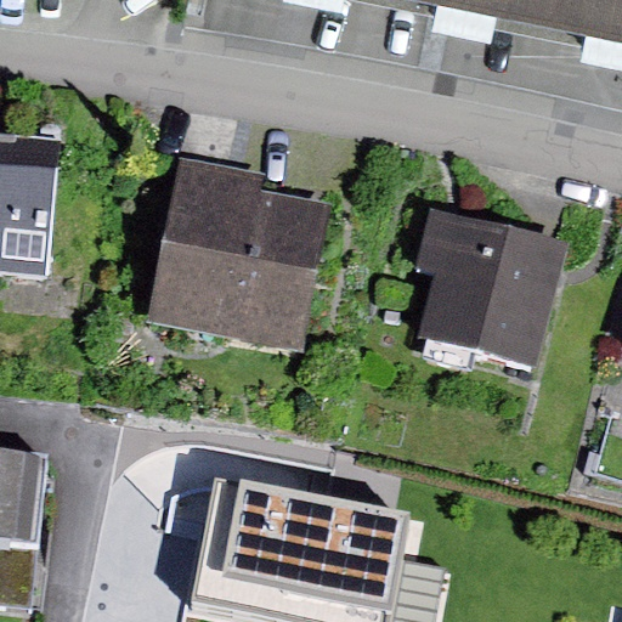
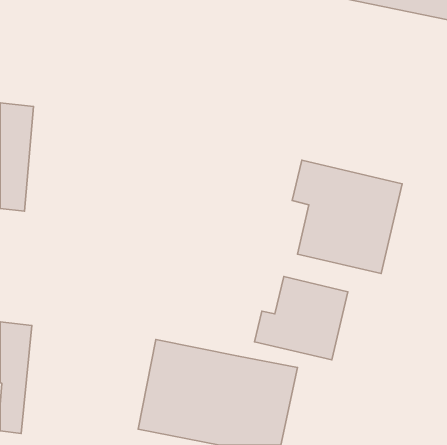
building: [147,164,320,356] -> none
building: none -> [255,276,348,360]

